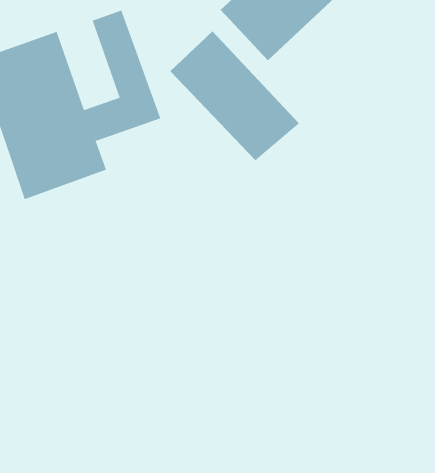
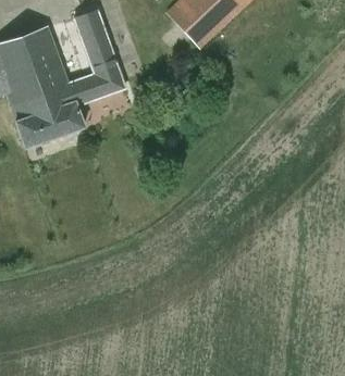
building: [170,31,300,161] -> none

